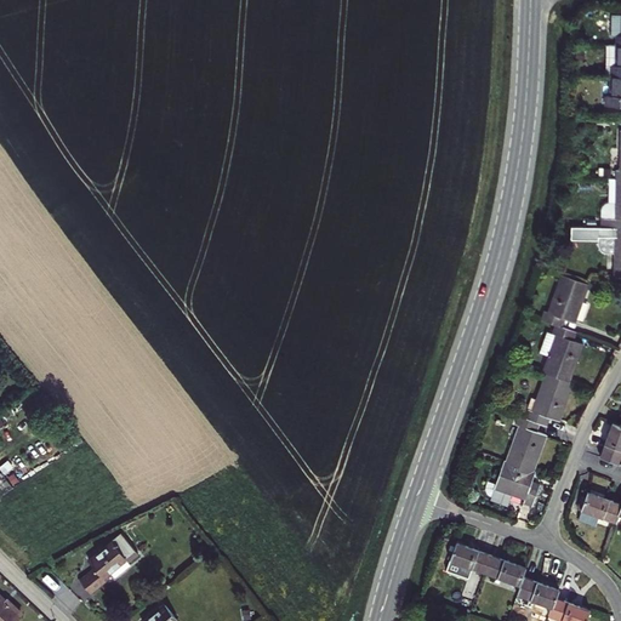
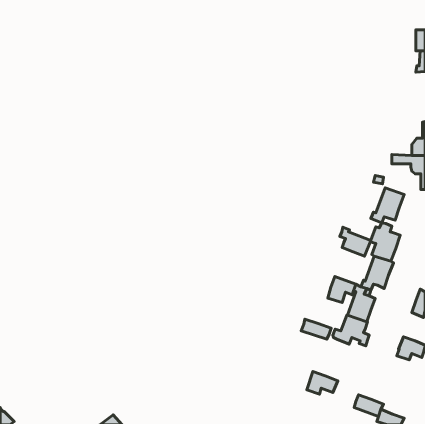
building: none -> [340,227,371,256]
building: none -> [328,276,356,302]
building: none -> [301,319,331,339]
building: [80,536,138,596] -> none
building: [485,557,526,587] -> none

